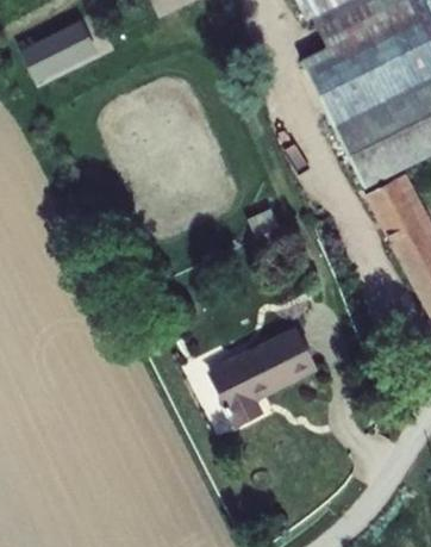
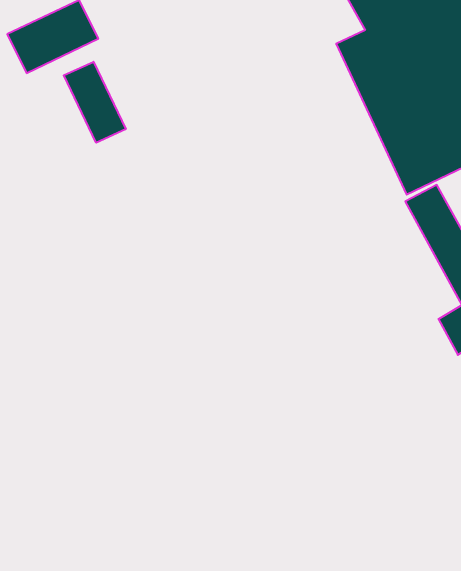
building: none -> [64,62,126,143]
building: [207,322,308,415] -> none

